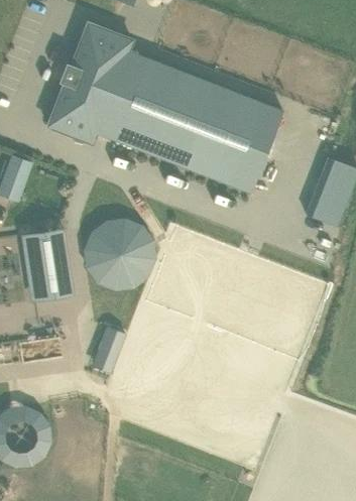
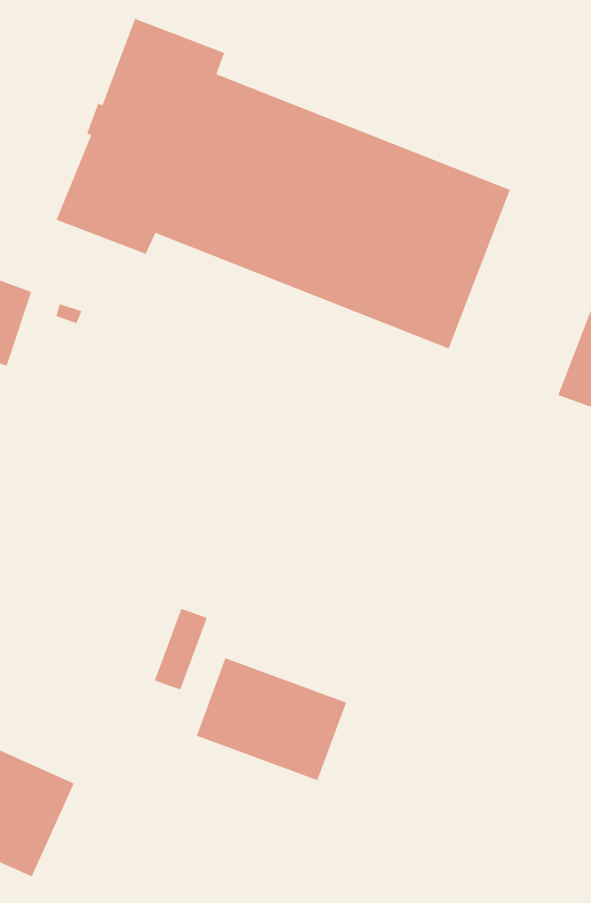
building: [83,217,156,290] -> none
building: [25,229,73,300] -> none
building: none -> [196,657,347,781]

